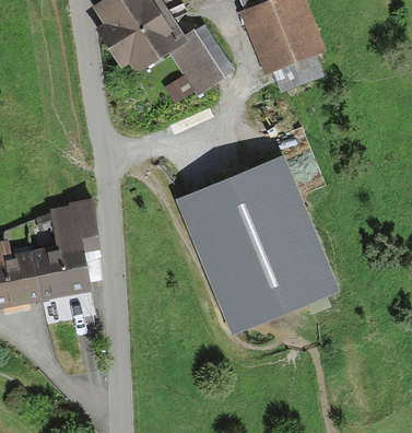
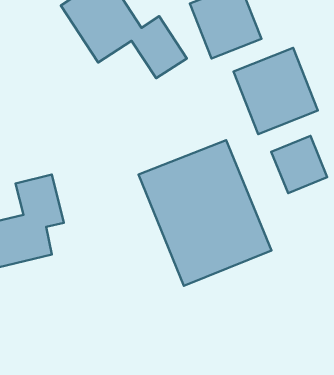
building: none -> [234,48,318,134]
building: none -> [271,136,327,193]

